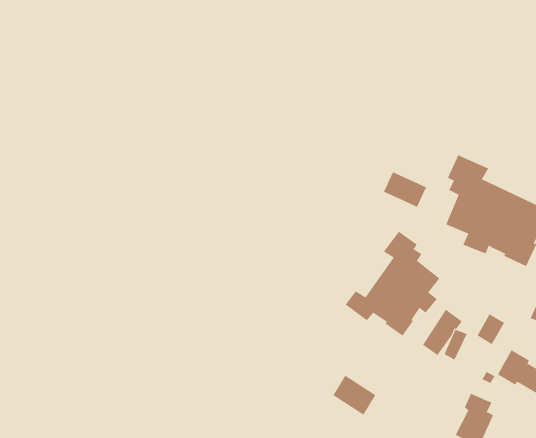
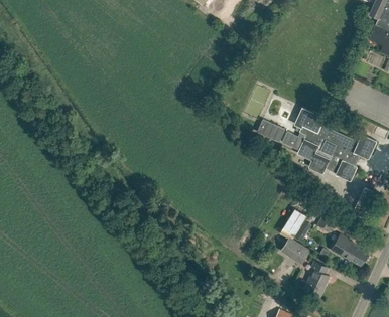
building: [345,231,440,337] -> none
building: [333,375,376,415] -> [281,237,309,264]

